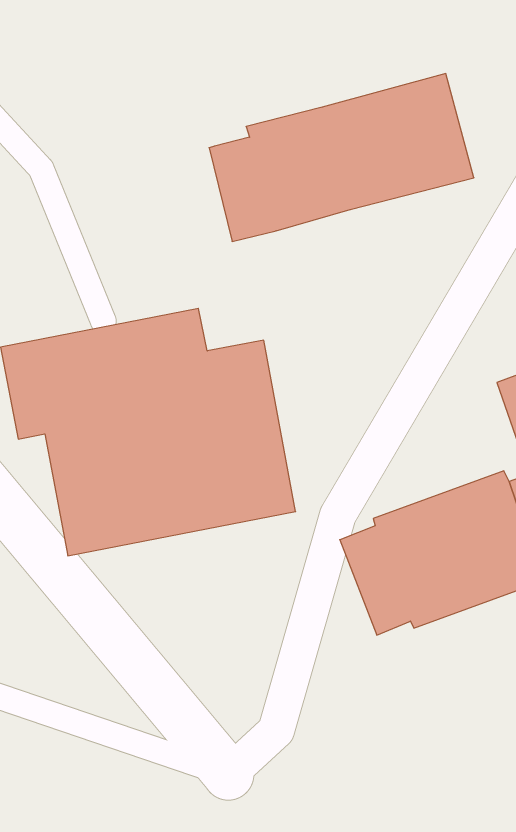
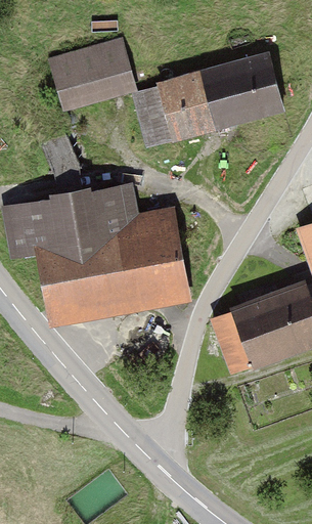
building: none -> [48,38,137,113]

